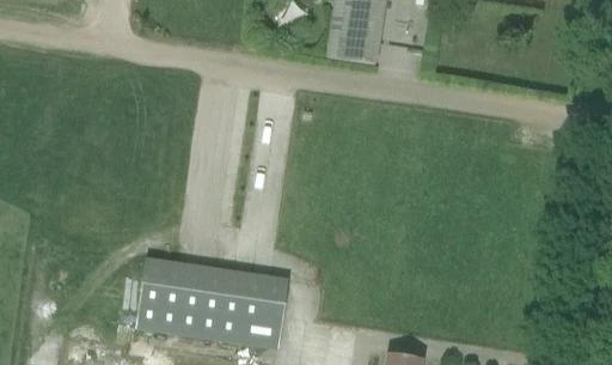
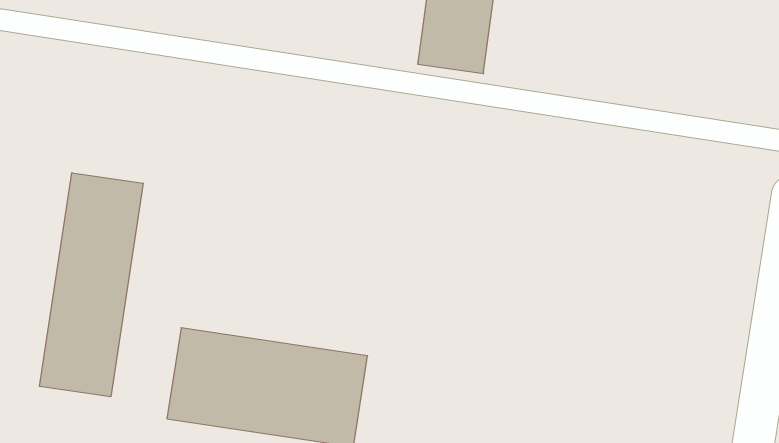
building: none -> [40,173,143,397]

